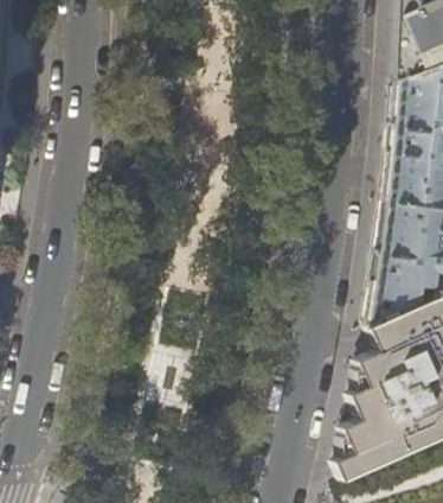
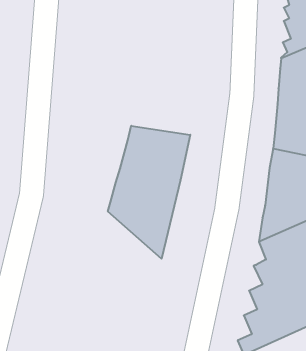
building: none -> [108,126,190,259]

